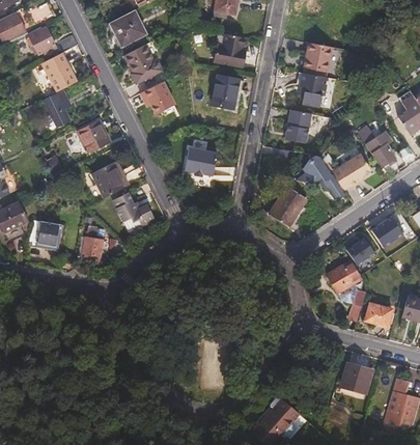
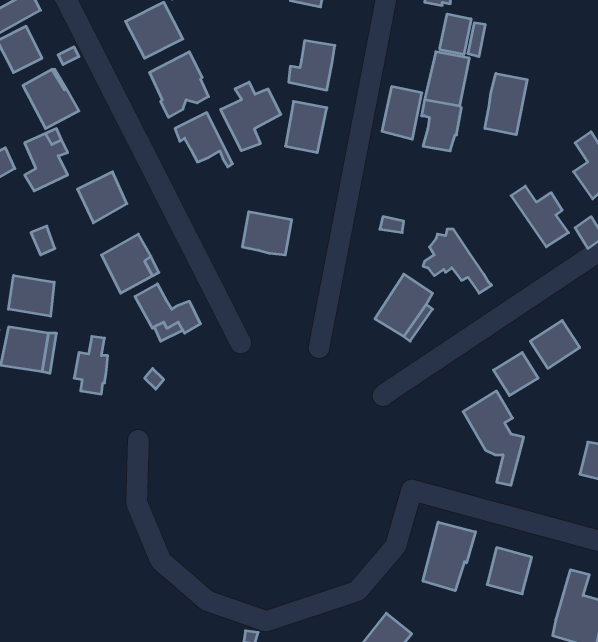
building: none -> [440,14,471,54]
building: none -> [485,73,527,135]
building: none -> [221,82,281,151]
building: [285,109,311,143] -> [382,87,422,139]
building: [331,152,370,190] -> none
building: none -> [8,275,54,316]
building: [365,302,394,327] -> none
building: none -> [423,522,476,591]

